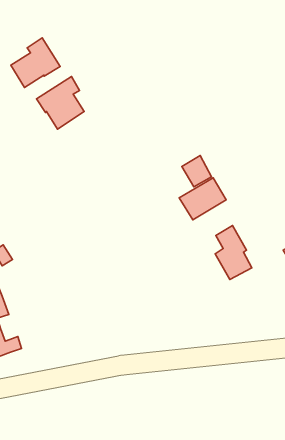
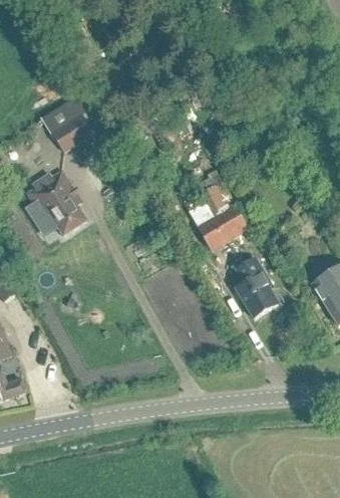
building: [11,38,60,87] -> none
building: none -> [27,169,86,234]

